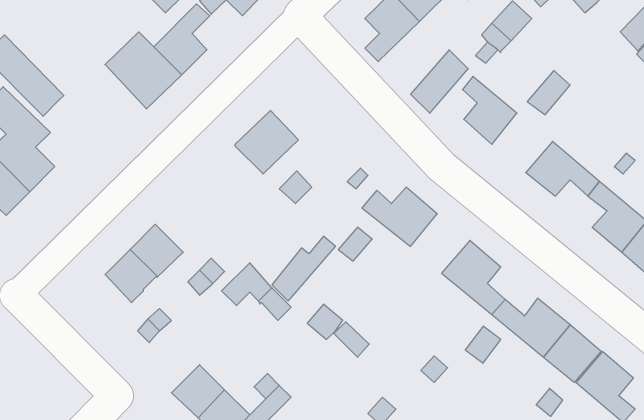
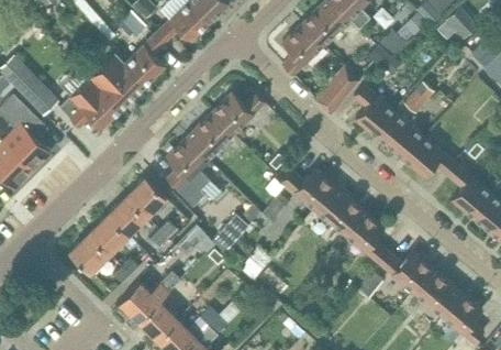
building: none -> [54,75,119,130]
building: none -> [211,92,264,134]
building: none -> [376,114,421,158]
building: none -> [166,139,209,207]
building: none -> [125,178,165,218]
building: none -> [315,189,359,233]
building: none -> [68,234,108,274]
building: none -> [119,272,179,322]

